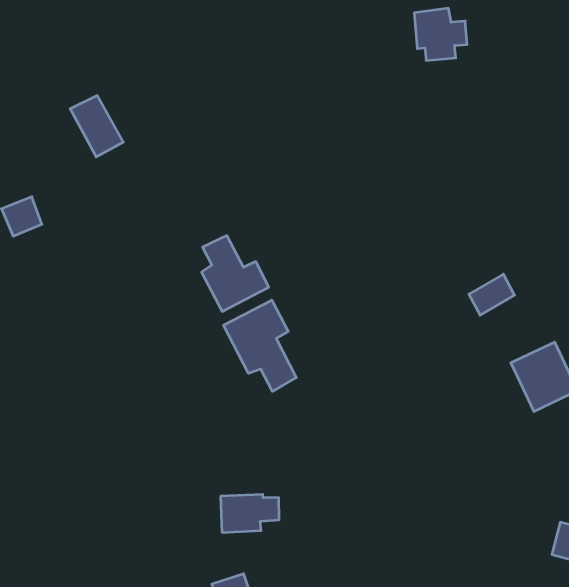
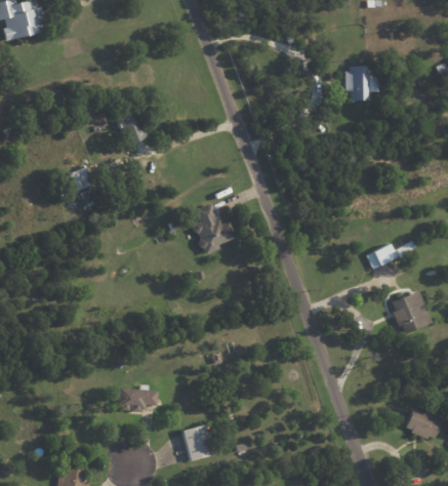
building: [224,300,296,391] -> none
building: [221,494,279,532] -> [119,388,158,412]

